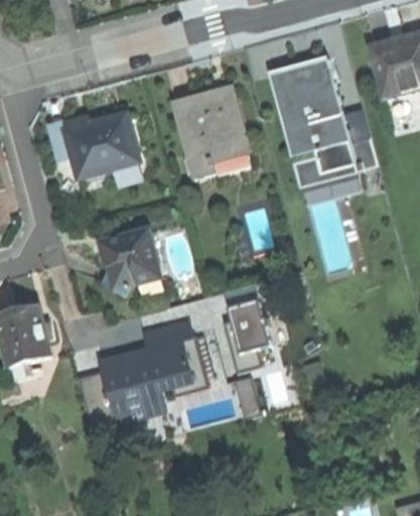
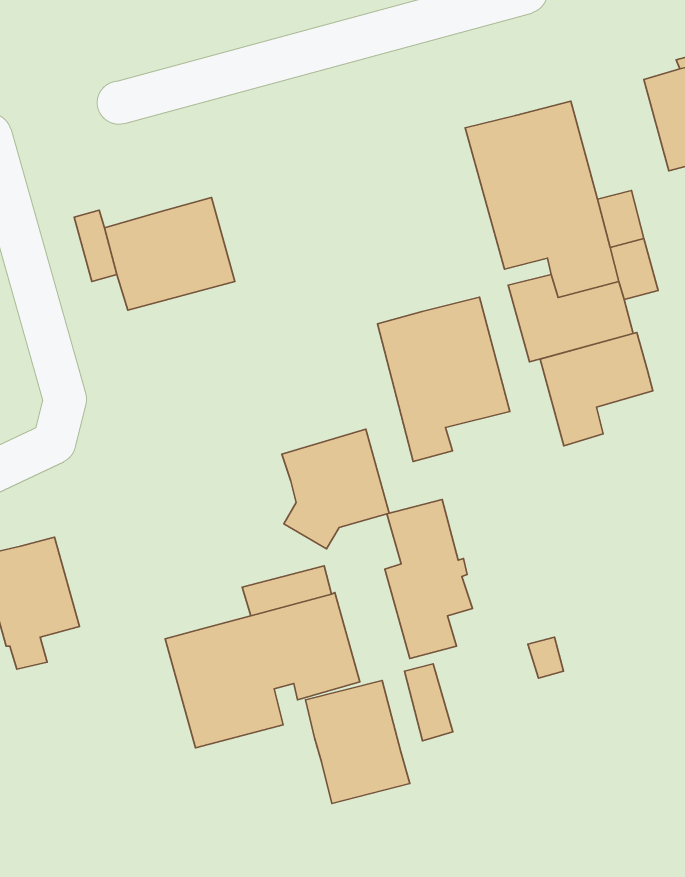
building: [173,85,248,177] -> [378,297,510,462]
building: none -> [540,332,653,446]
building: [101,227,161,294] -> [282,429,389,549]
building: none -> [306,681,410,803]

